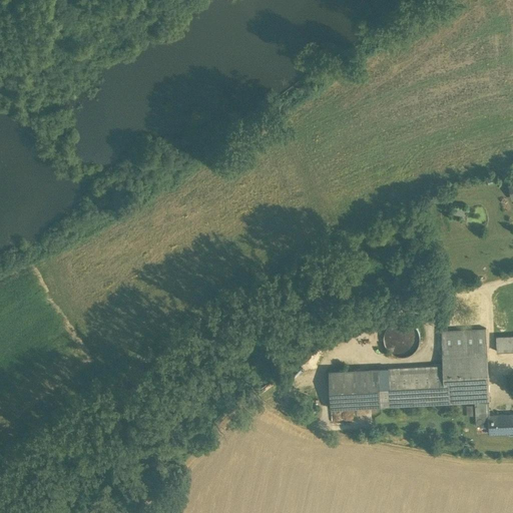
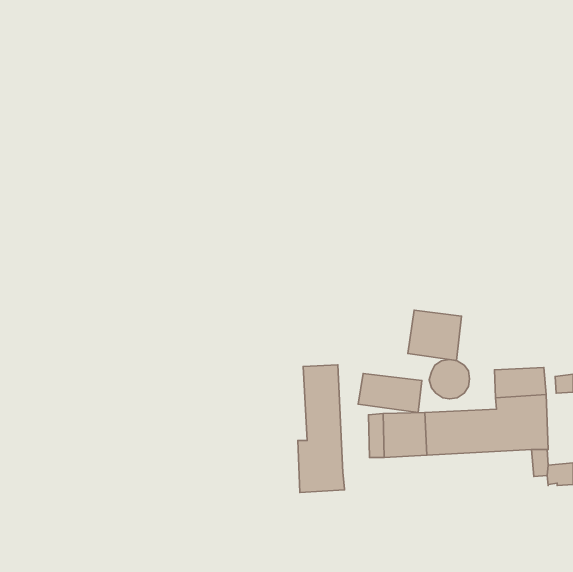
building: none -> [408,310,462,361]
building: none -> [298,365,344,493]
building: none -> [358,373,422,413]

